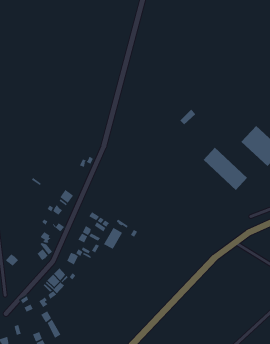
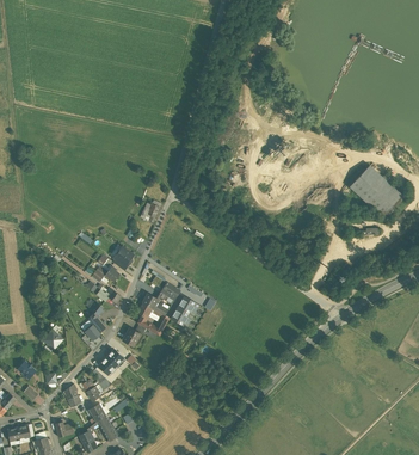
building: [203,147,248,191] -> none

